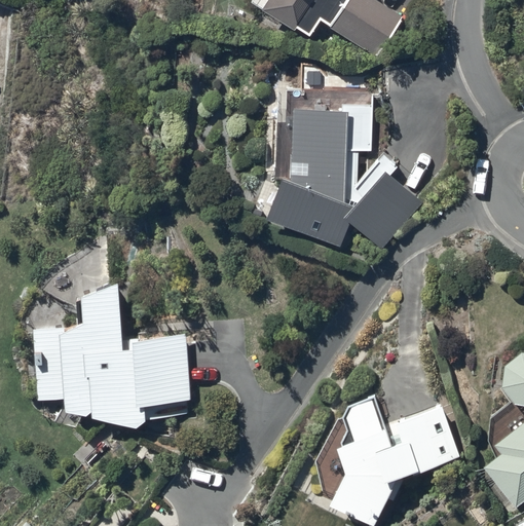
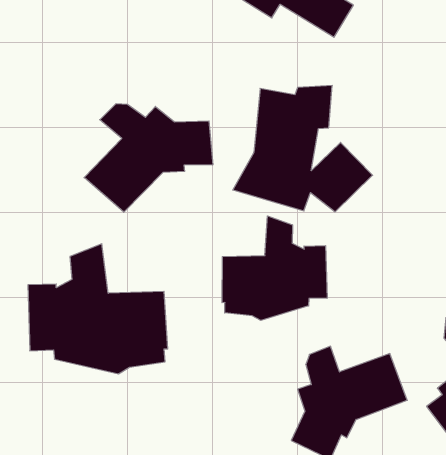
building: none -> [84,104,213,212]
building: none -> [222,216,327,320]

